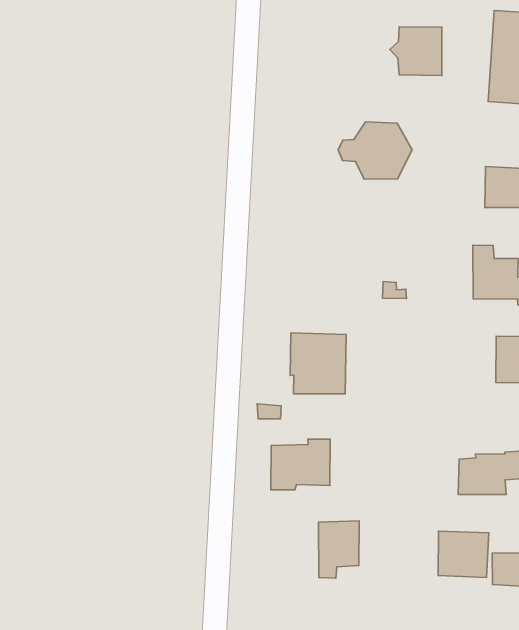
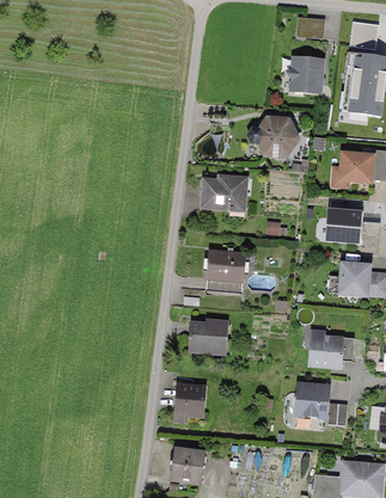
building: none -> [200,176,247,210]
building: [319,521,359,578] -> [176,385,204,422]

